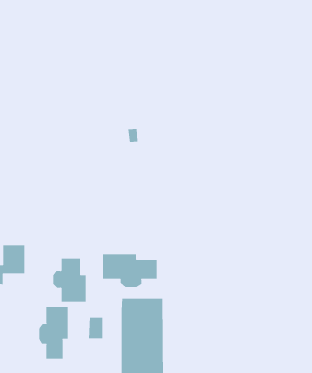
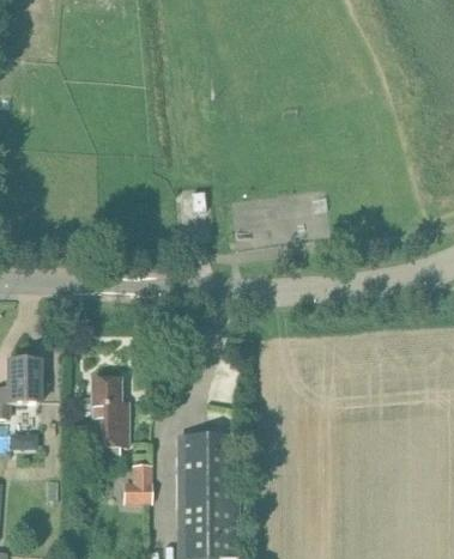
building: [103,253,157,288] -> none
building: [39,306,68,359] -> none

